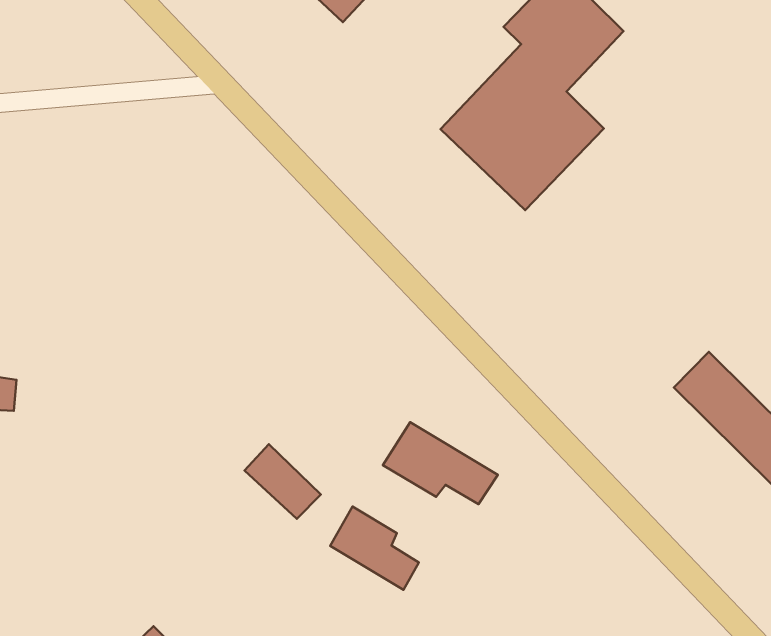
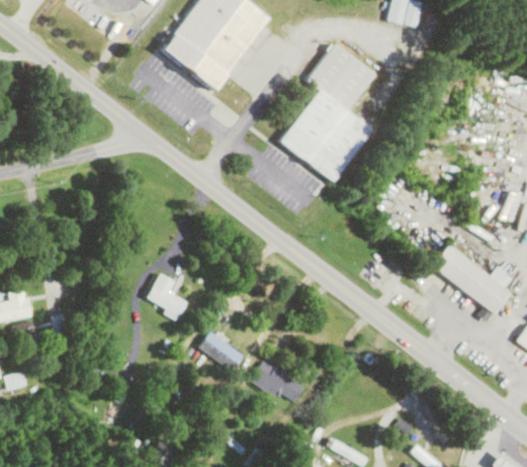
building: none -> [147,273,188,315]
building: [383,422,498,504] -> none

